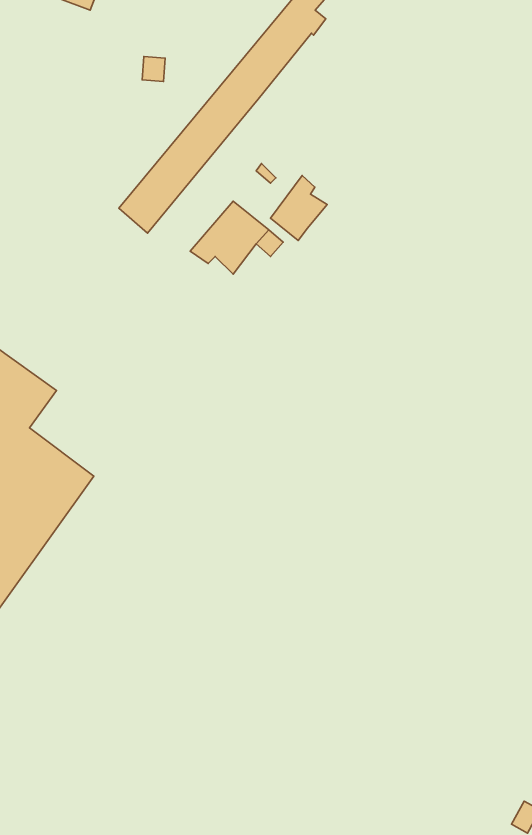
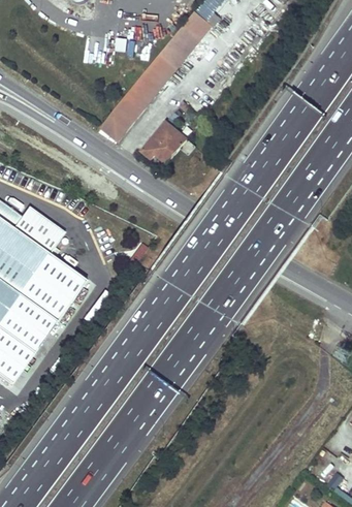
building: [270,176,327,241] -> none

